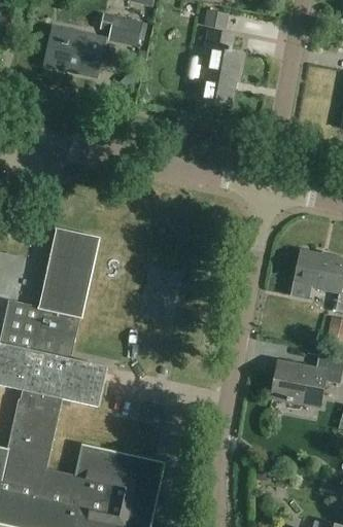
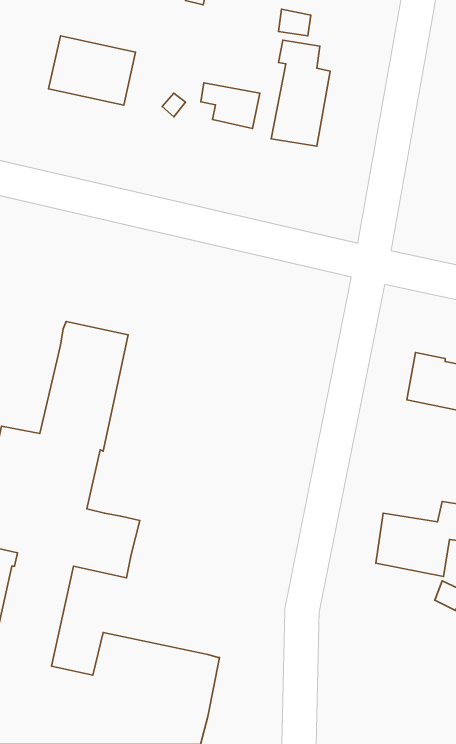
building: [101,14,142,46] -> [201,83,260,128]

